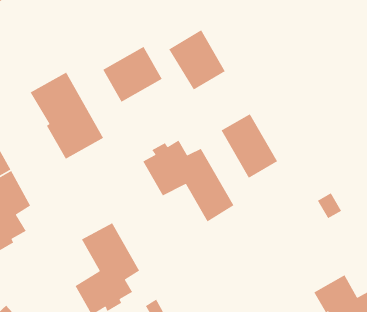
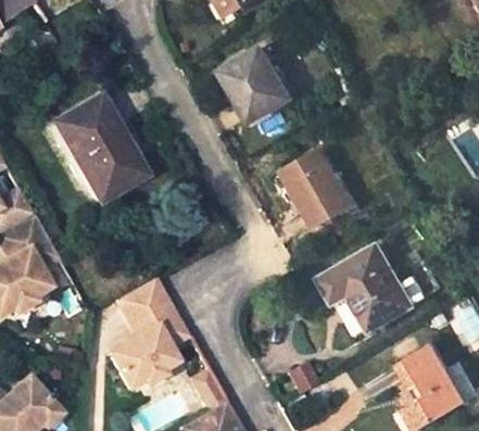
building: [102,46,163,103] -> none
building: [142,140,234,222] -> none
building: none -> [320,245,411,329]

